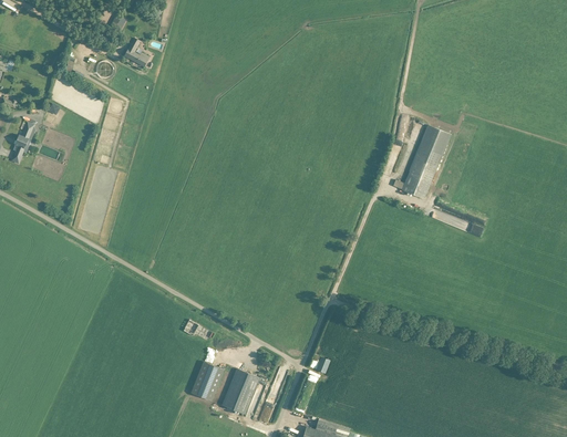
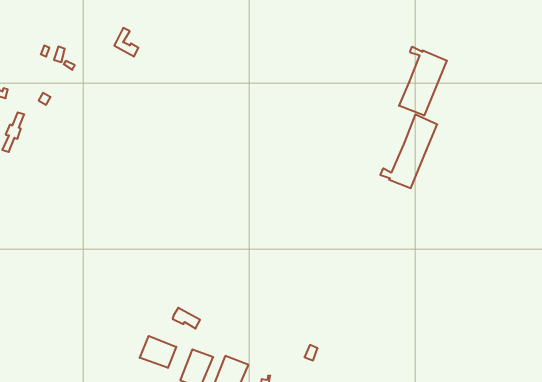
building: none -> [399,47,447,116]
building: none -> [140,336,176,368]

